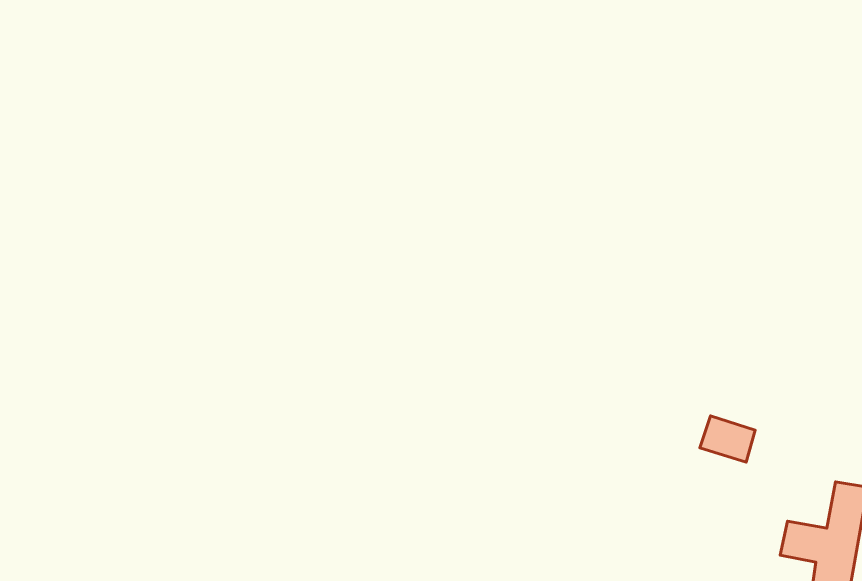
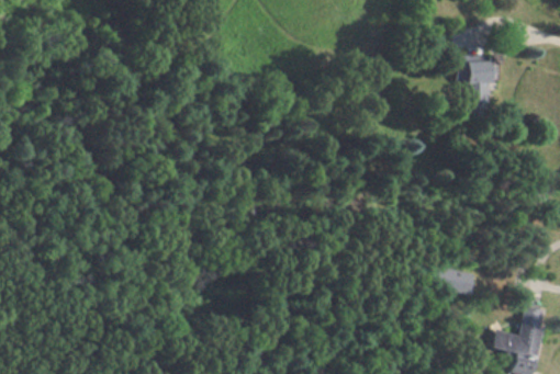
building: none -> [464,60,491,103]

